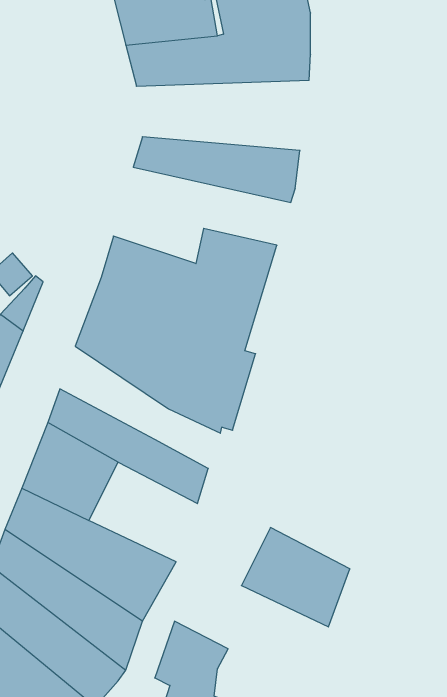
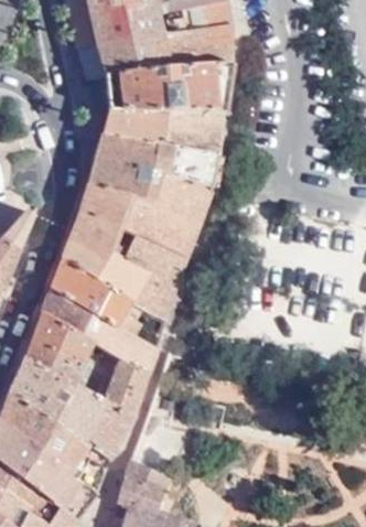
building: none -> [104,69,228,120]
building: none -> [87,132,215,202]
building: none -> [49,261,127,329]
building: [241,528,350,627] -> [69,345,148,417]

